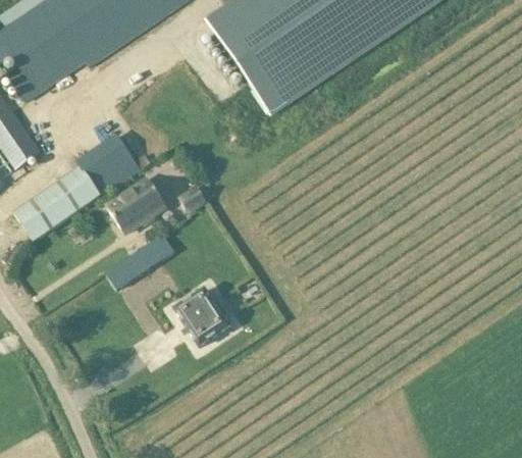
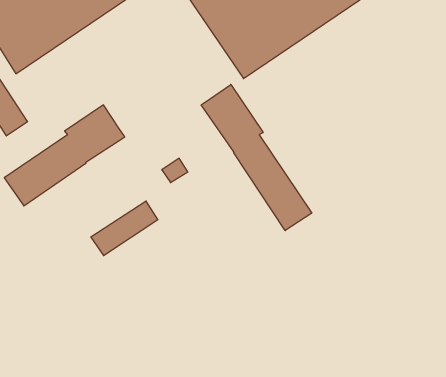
building: none -> [201,84,312,231]
building: [108,180,167,234] -> none
building: [178,288,226,341] -> none

